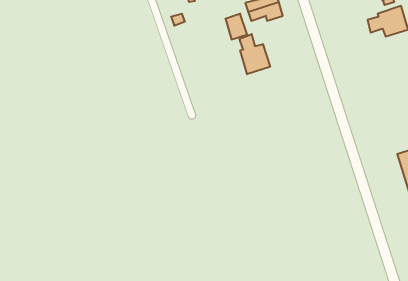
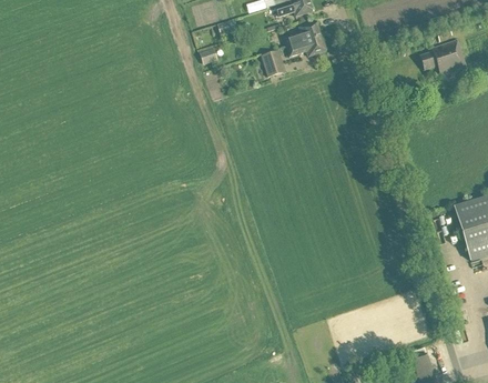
building: [240,34,270,74] -> none

